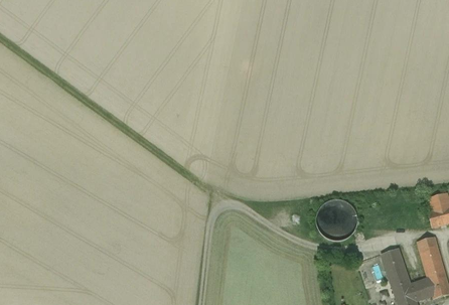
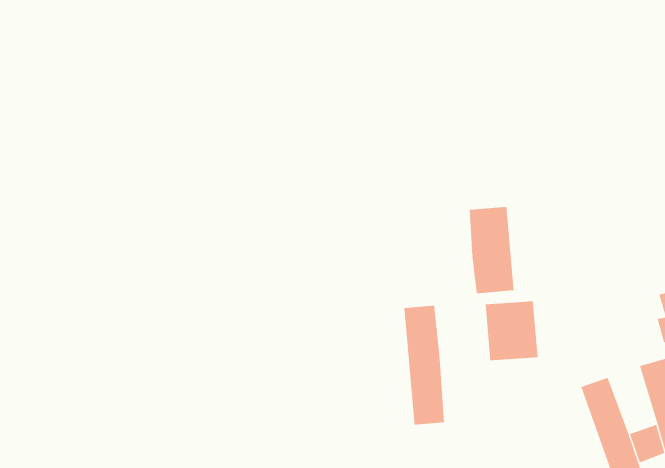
building: none -> [469,206,514,294]
building: none -> [404,305,445,426]

